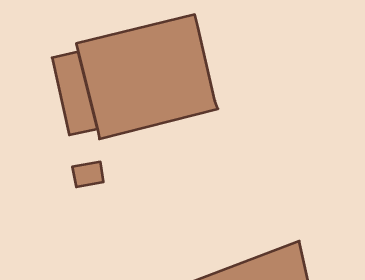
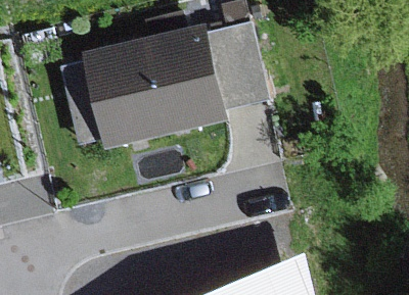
building: none -> [209,24,269,110]

